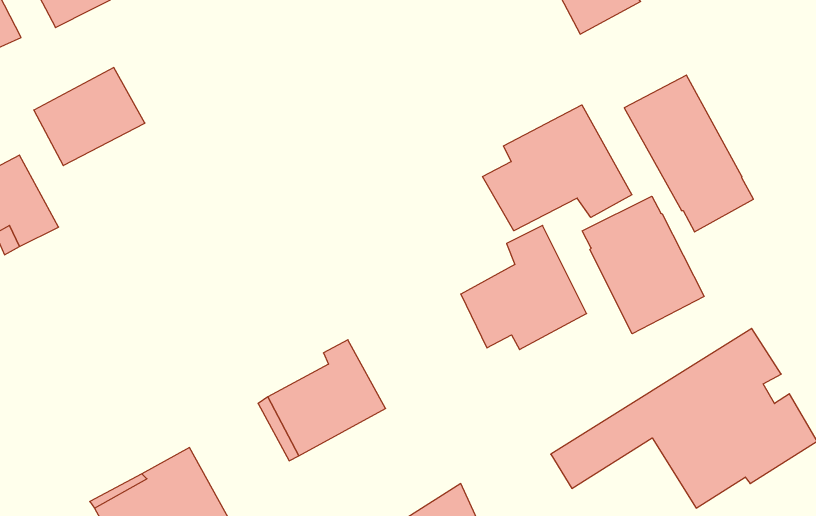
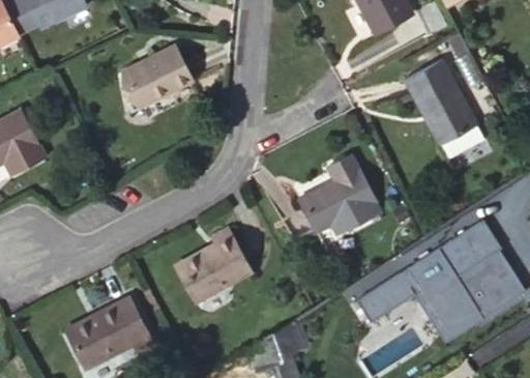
building: [34,68,145,166] -> [121,45,192,107]
building: [483,105,632,231] -> none
building: [582,196,704,334] -> none

